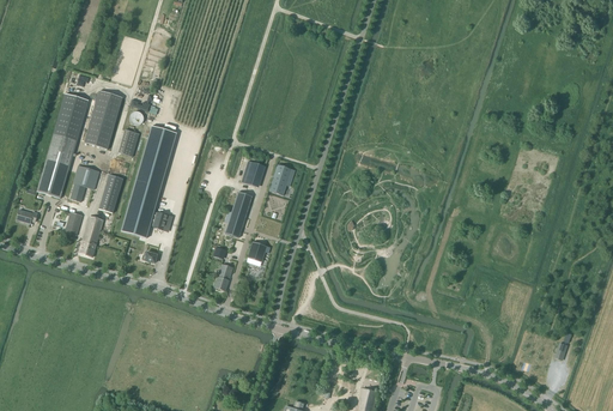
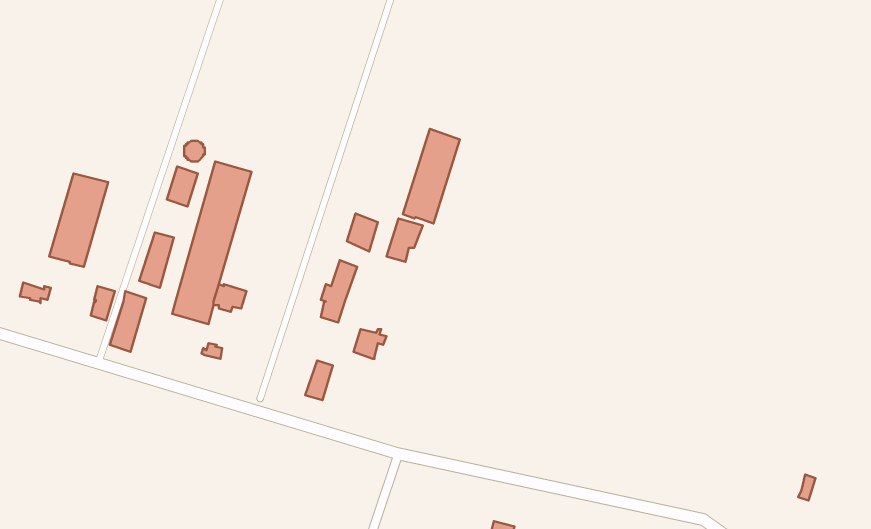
building: [85,90,123,149] -> none
building: [54,92,89,139] -> none
building: none -> [403,129,460,224]
building: [72,164,99,198] -> none

